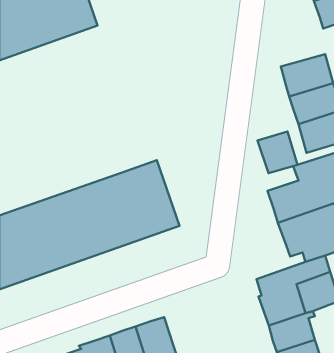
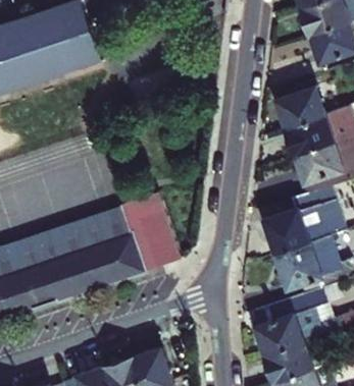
building: [257,131,298,173] -> none

